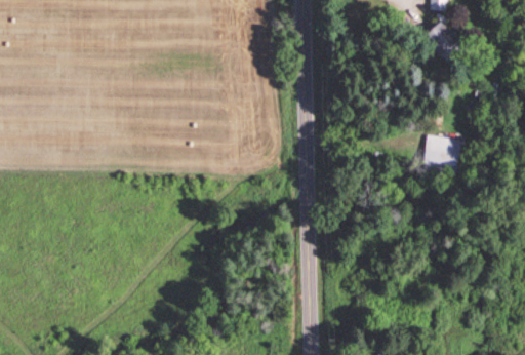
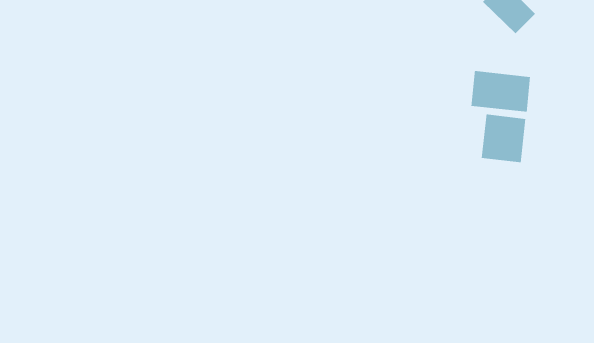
building: none -> [471,70,530,113]

